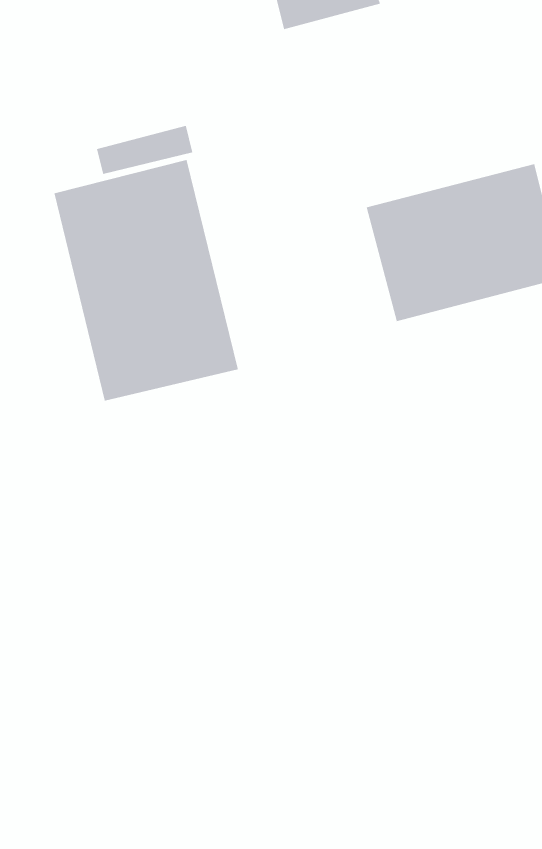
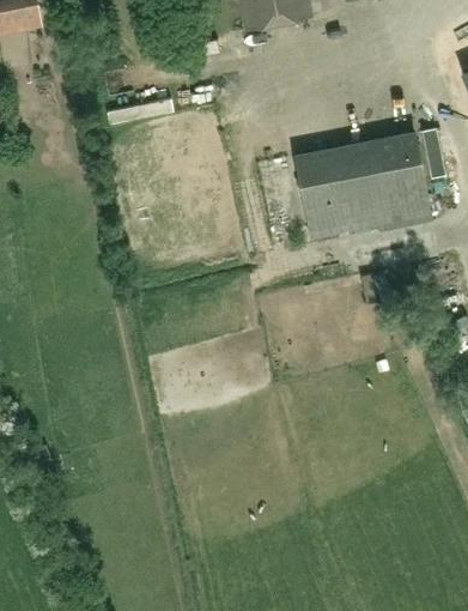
building: [54,159,239,402] -> none

